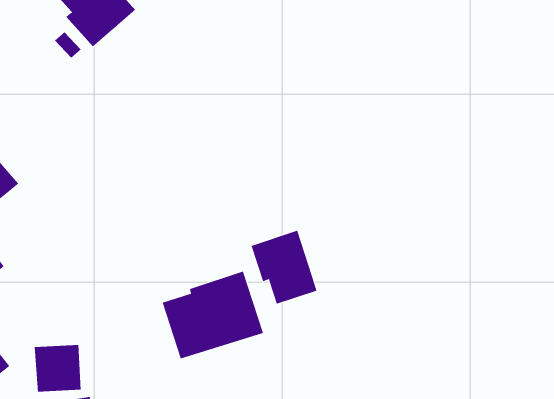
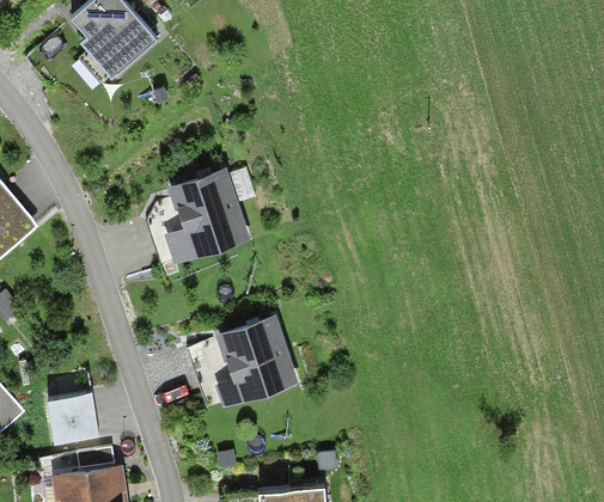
building: none -> [146,167,252,270]
building: [251,230,317,305] -> none

